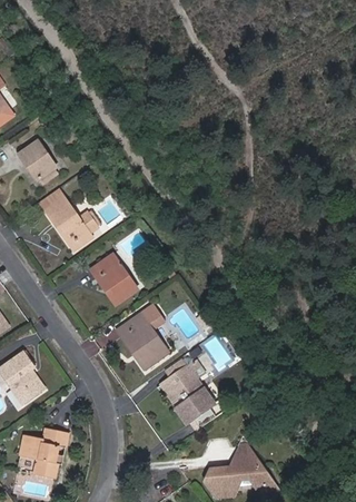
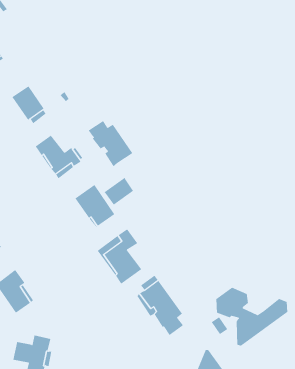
building: none -> [88,120,133,167]
building: none -> [104,177,134,206]
building: none -> [216,287,288,346]

